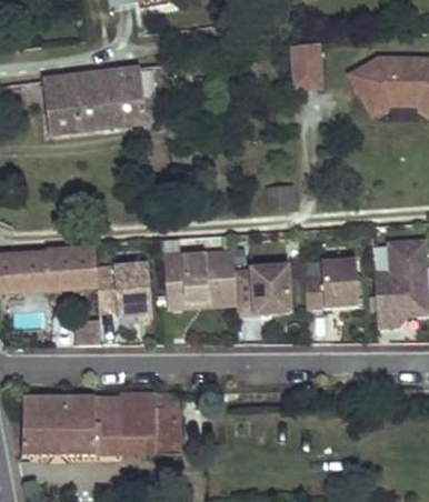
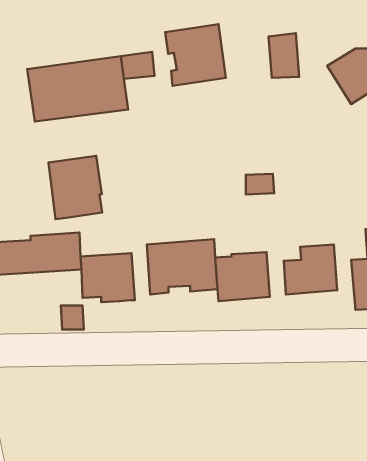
building: none -> [165,24,226,86]
building: none -> [48,156,102,219]
building: [23,393,180,453] -> none

